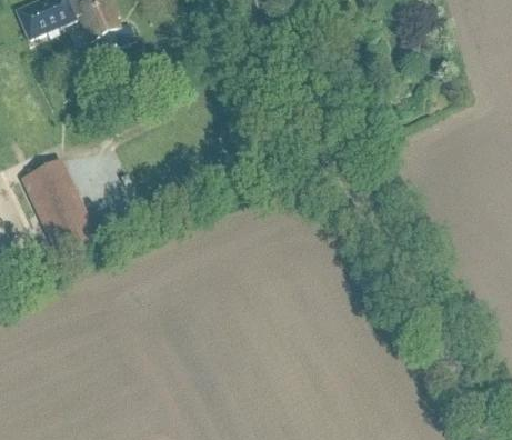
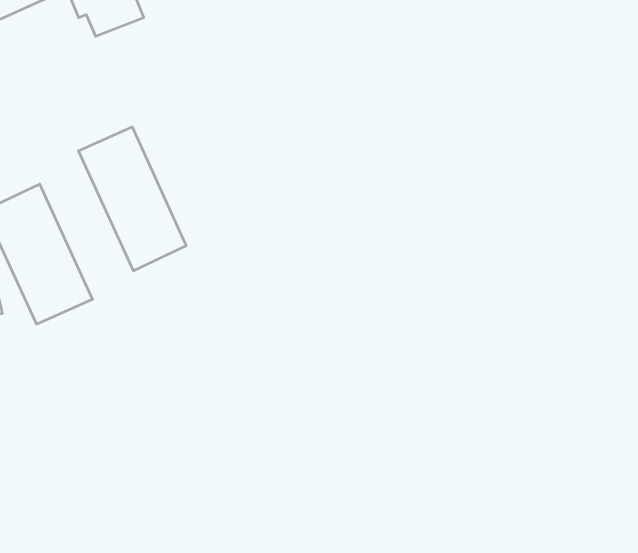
building: none -> [78,127,186,271]

